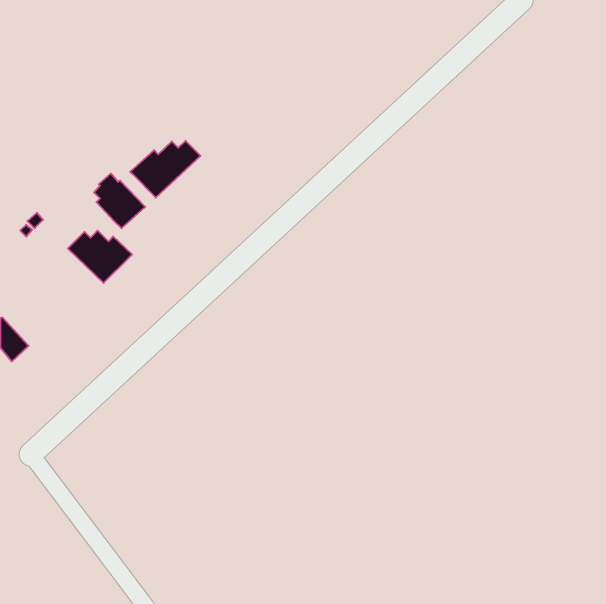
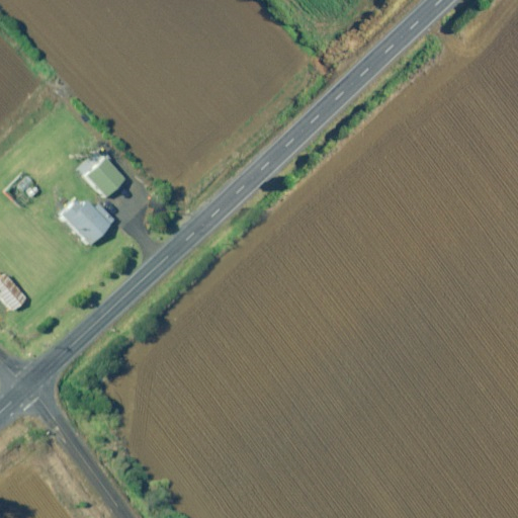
building: [130,141,200,198] -> none

